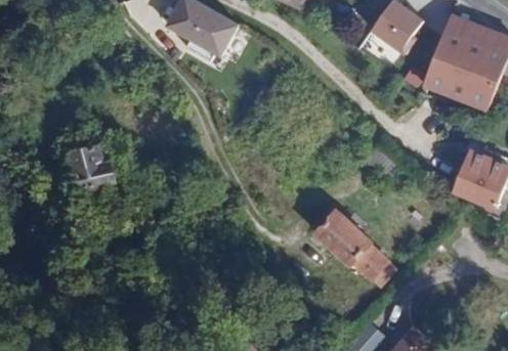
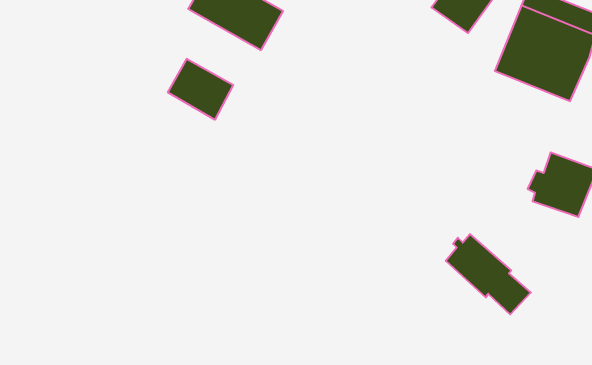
building: none -> [168,59,233,120]
building: [73,144,121,188] -> none
building: [318,211,389,278] -> [446,234,531,314]

